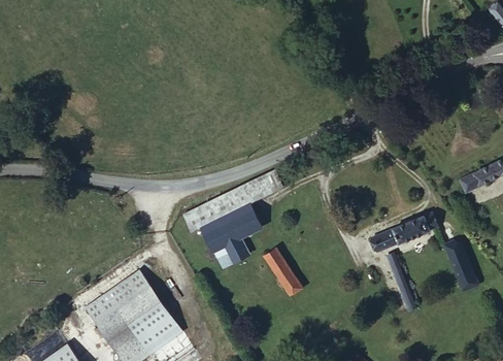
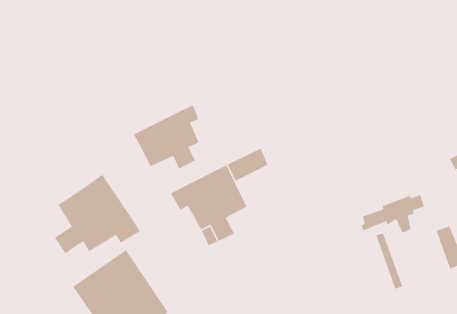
building: none -> [133,104,200,170]
building: none -> [54,174,141,254]
building: [265,251,302,297] -> none

